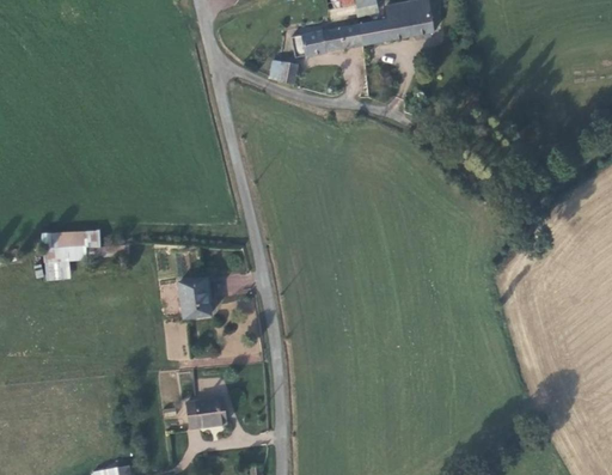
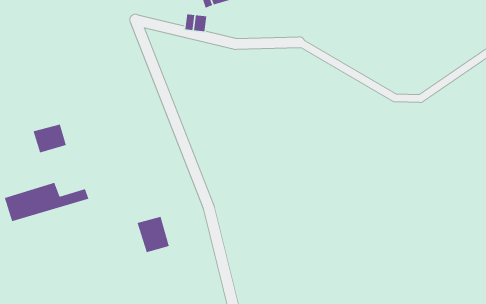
building: none -> [33,124,67,153]

